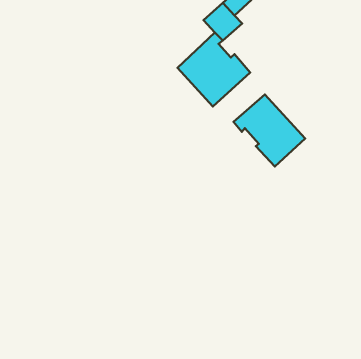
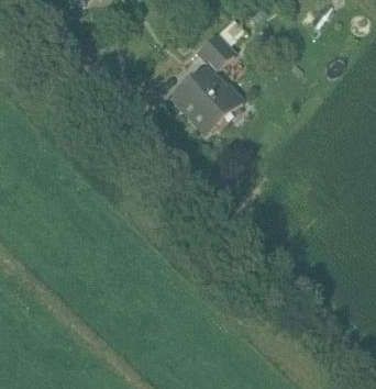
building: [233,94,305,166] -> none

